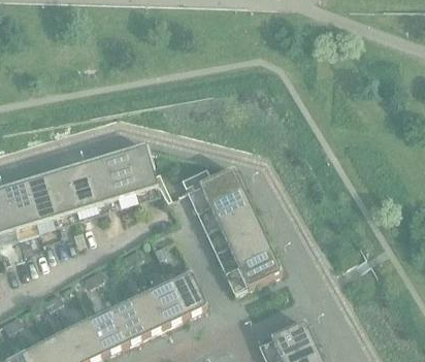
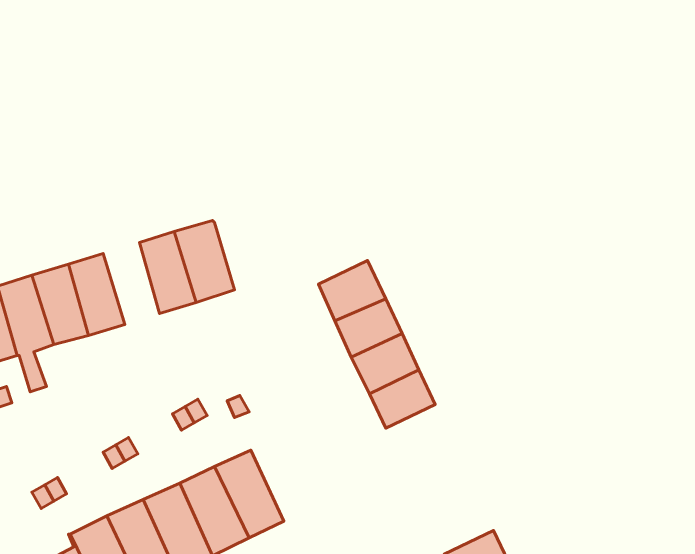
building: [75,160,107,206] -> none
building: [235,252,273,287] -> none
building: [159,267,199,318] -> none

